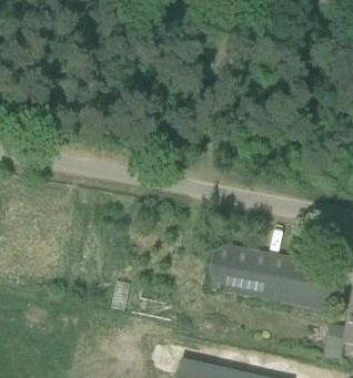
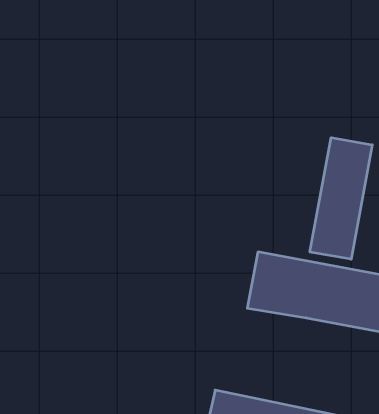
building: none -> [310,138,372,259]

